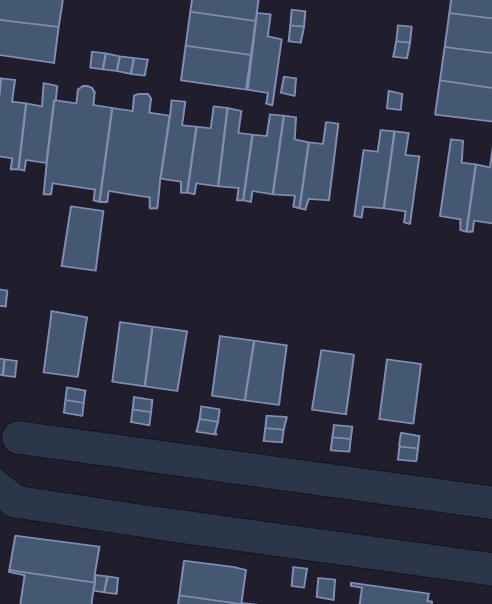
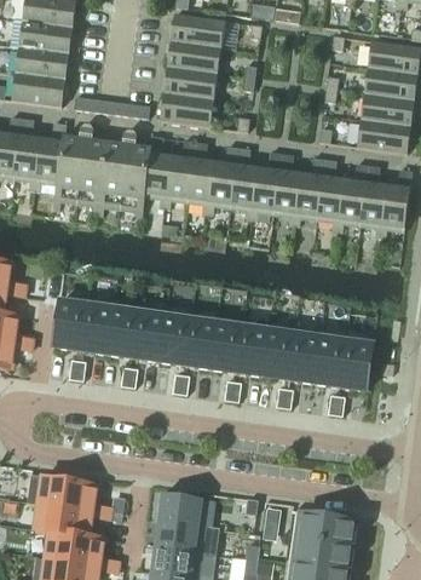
building: [247,13,282,105] -> [275,153,301,224]
building: none -> [338,163,369,231]
building: [61,207,104,271] -> [80,303,113,352]
building: none -> [157,314,190,363]
building: none -> [236,325,269,374]
building: none -> [288,332,319,381]
building: none -> [340,339,373,389]

